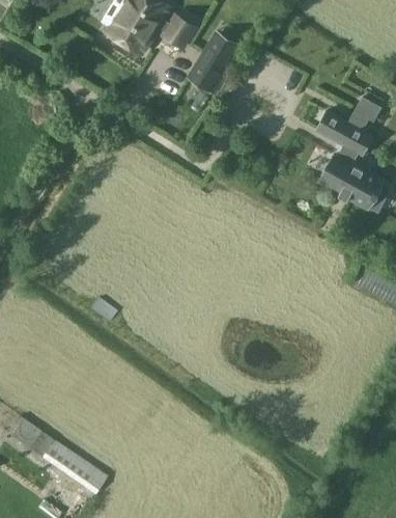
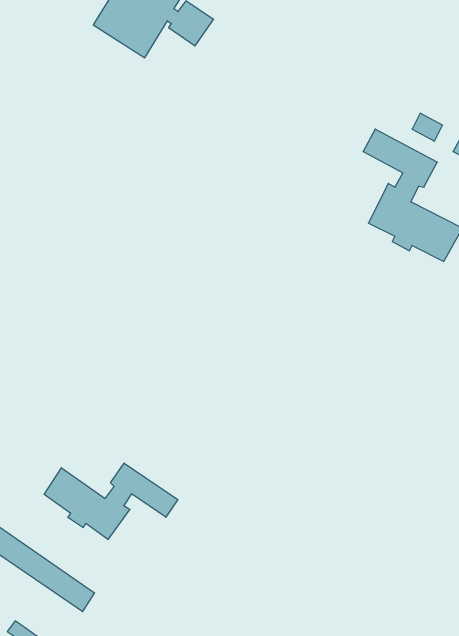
building: [188,33,238,92] -> none
building: none -> [44,463,178,539]

